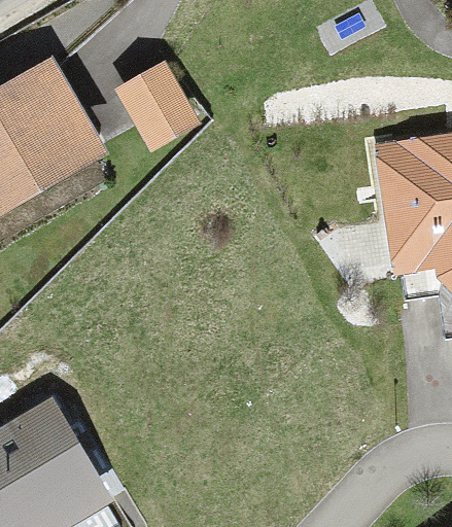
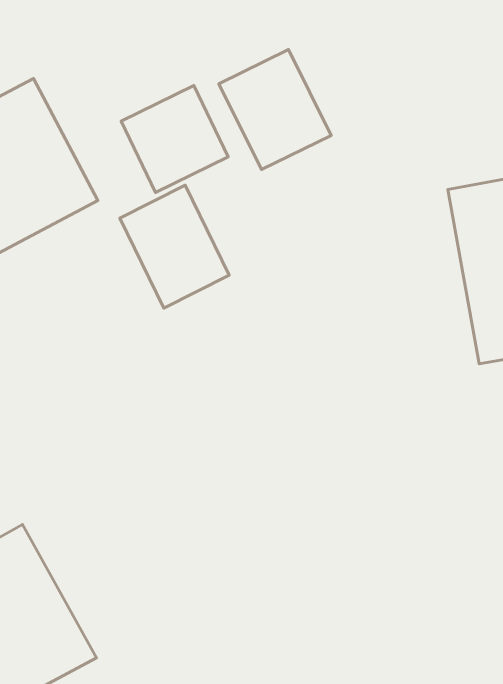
building: none -> [219,50,331,170]
building: none -> [120,185,229,308]

